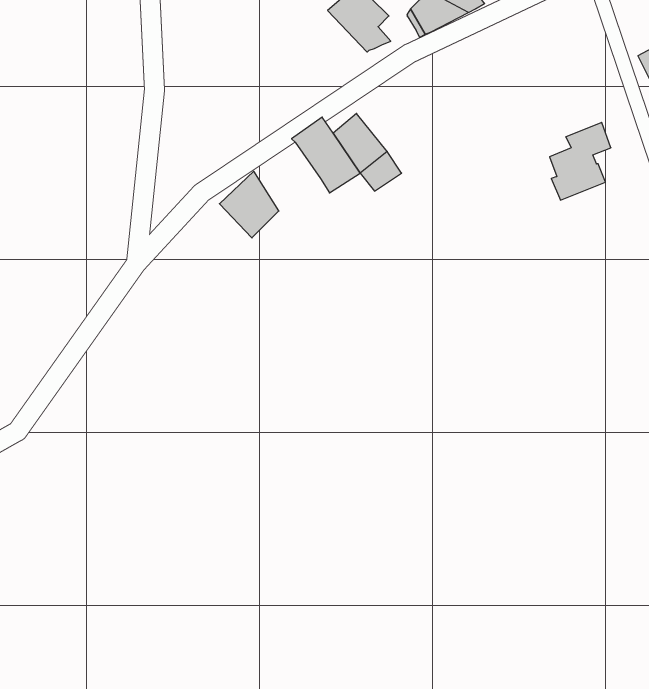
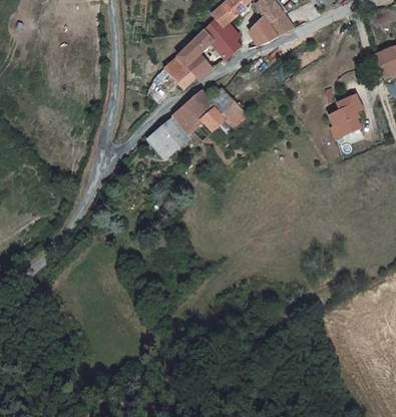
building: none -> [162,30,228,89]
building: none -> [164,103,202,141]

